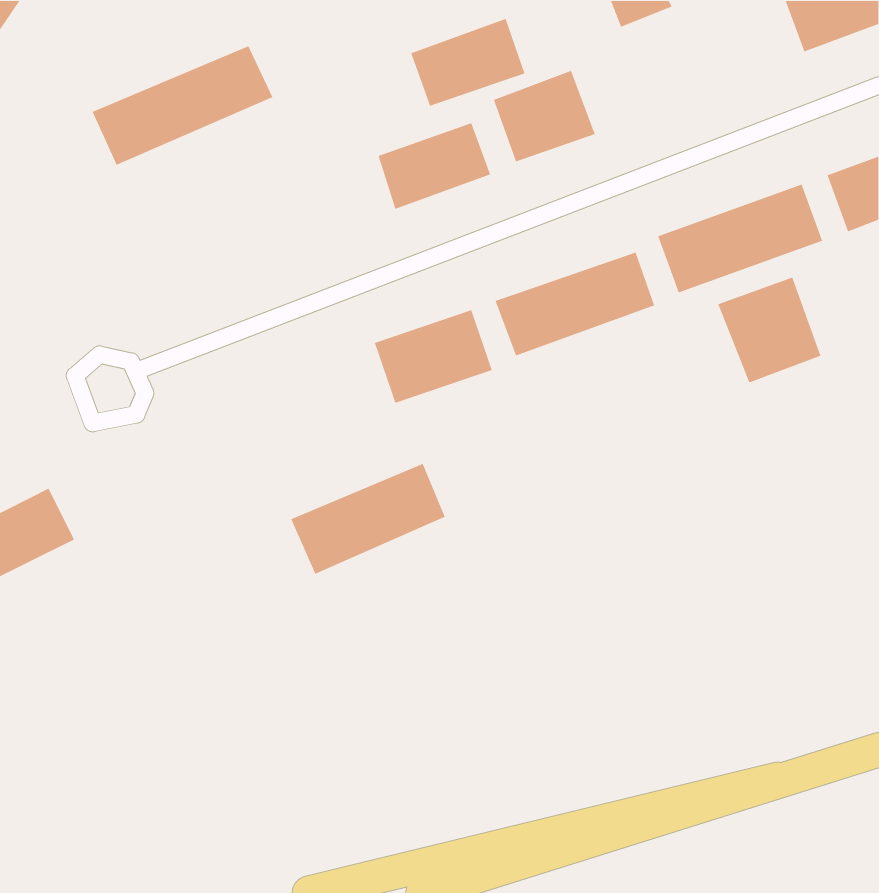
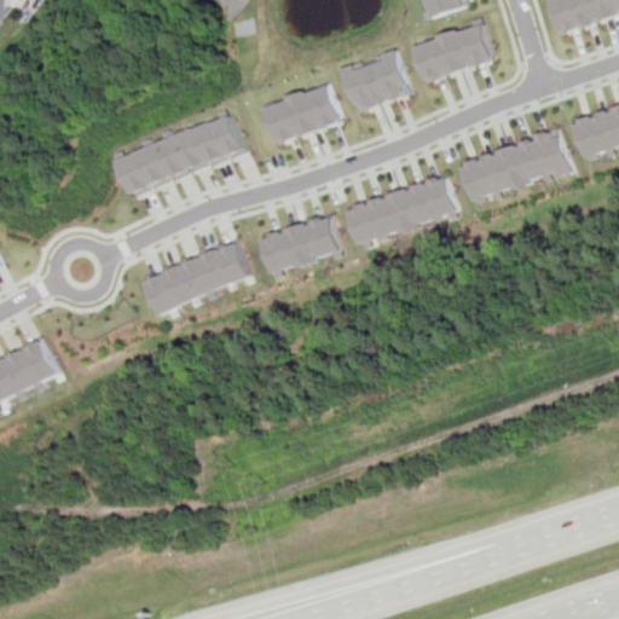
building: [410,18,526,107] -> [412,22,492,83]
building: [92,45,273,166] -> [117,114,243,197]
building: [717,277,822,383] -> none
building: [290,463,446,575] -> [143,239,250,317]

